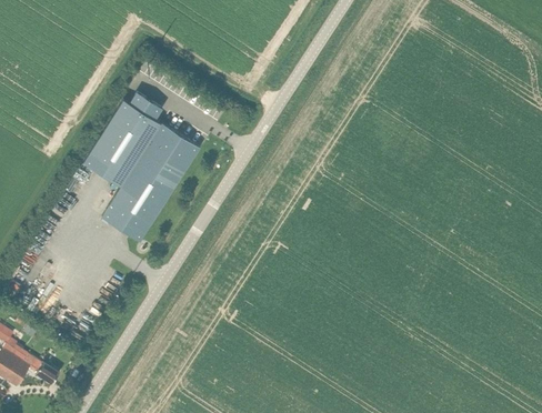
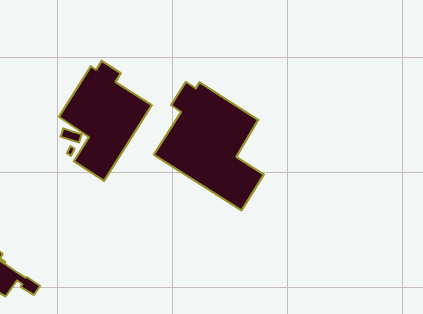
building: none -> [154,82,264,211]

